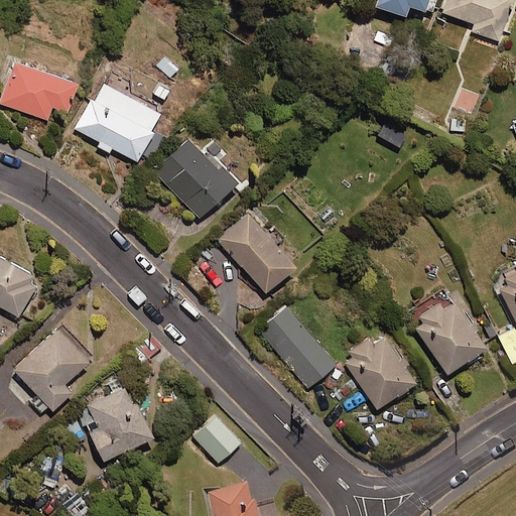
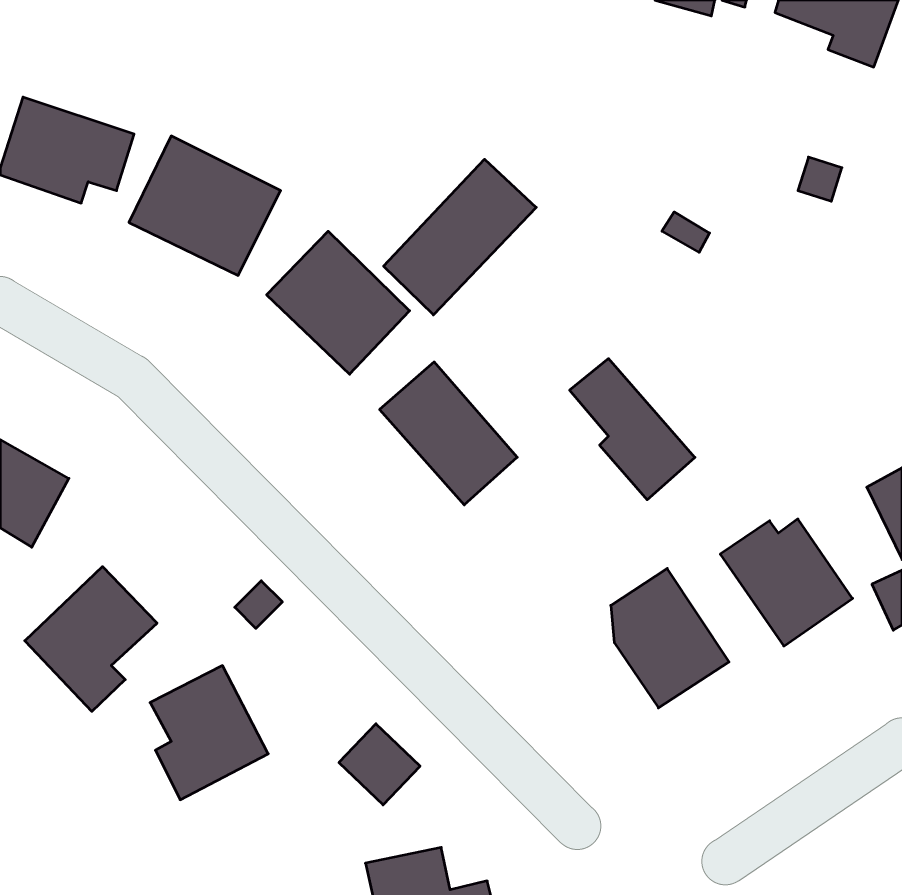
building: none -> [384,159,536,315]
building: [264,308,336,389] -> [570,359,695,500]

